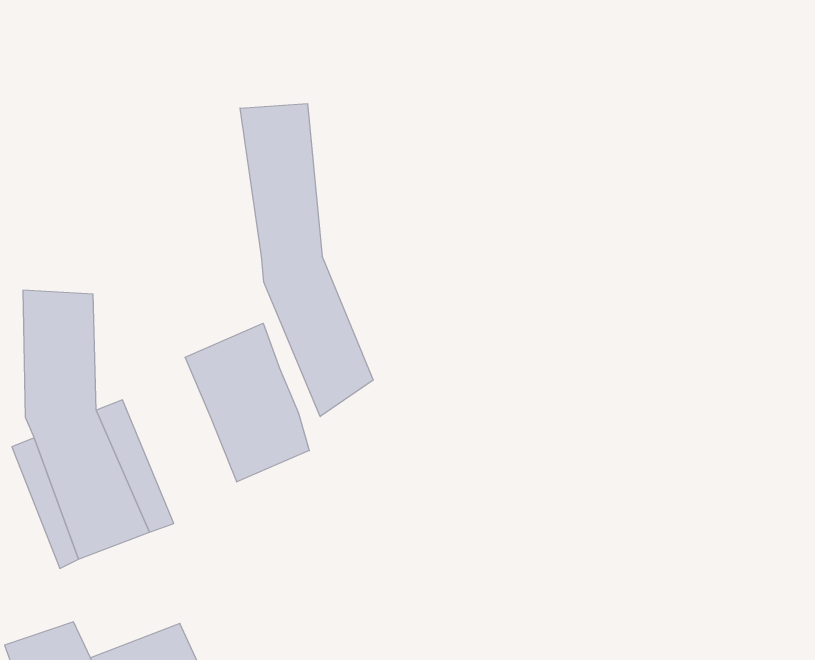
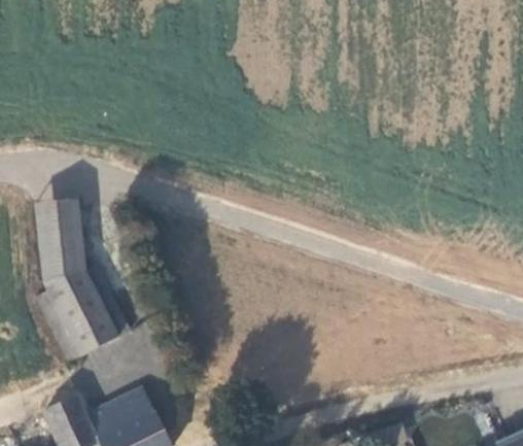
building: [240,104,373,417] -> none
building: [185,323,309,482] -> none

